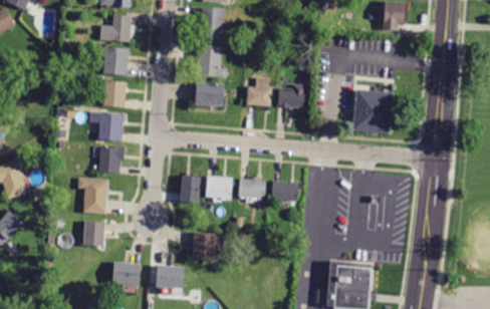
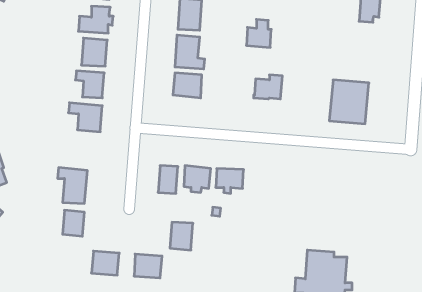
building: [246,78,271,106] -> [246,19,271,47]
building: [98,146,125,174] -> none
building: [271,181,298,201] -> none

